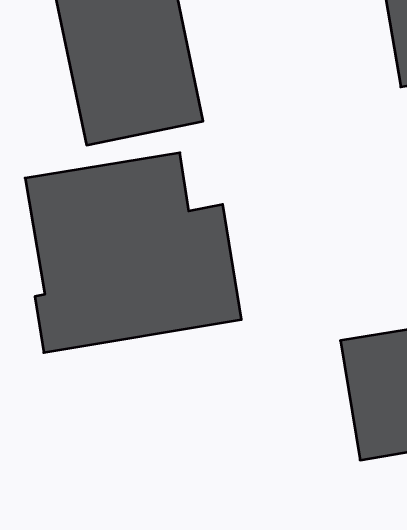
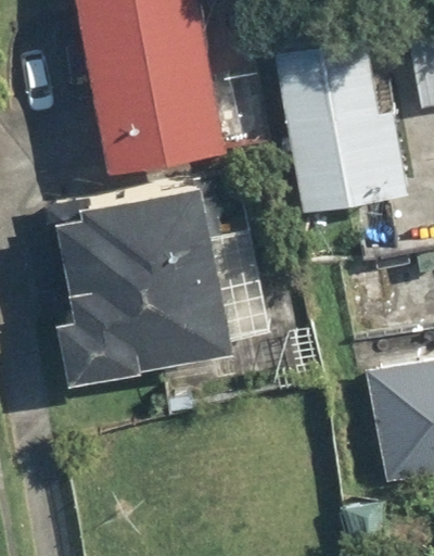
building: none -> [278,46,409,215]

